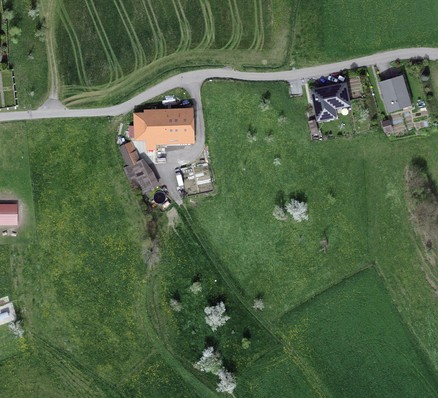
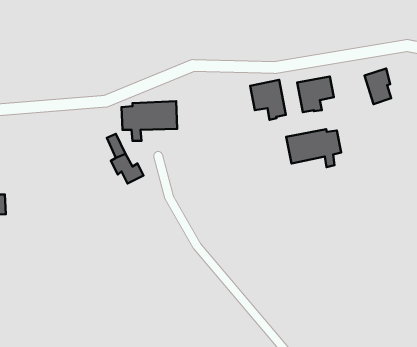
building: none -> [250,80,286,120]
building: none -> [286,129,341,167]

